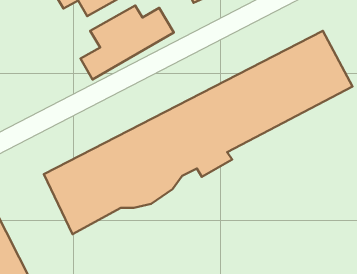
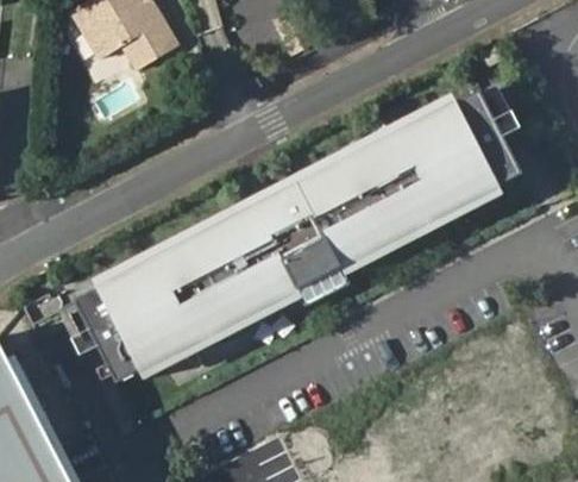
building: [80,6,174,80] -> none

